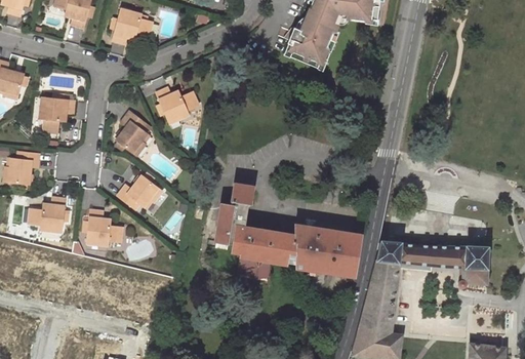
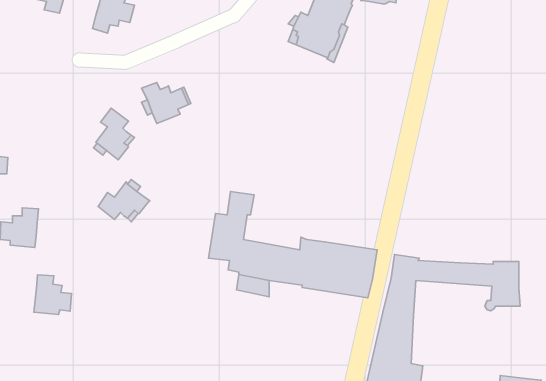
building: [39,96,75,129] -> none
building: [87,209,120,244] -> [34,275,71,315]

